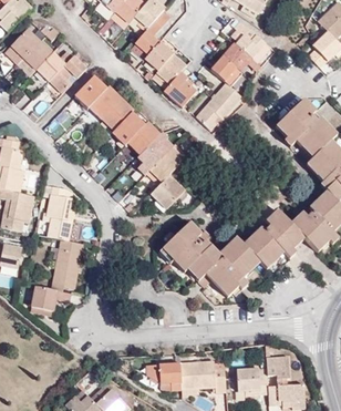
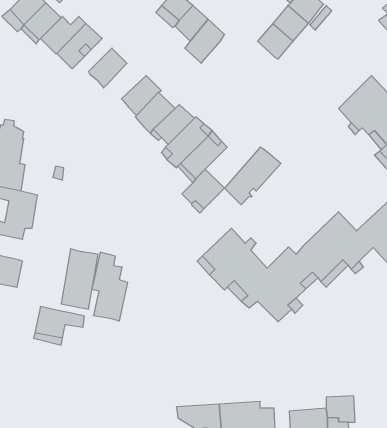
building: [164,71,196,106] -> none
building: [196,83,241,130] -> [225,147,281,205]
building: [90,86,122,117] -> none
building: [46,185,75,240] -> [92,252,128,321]

